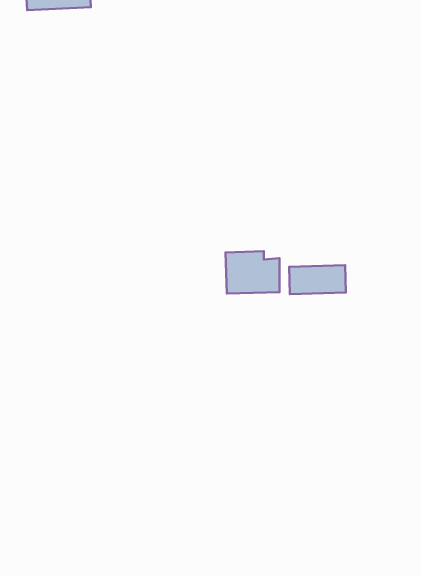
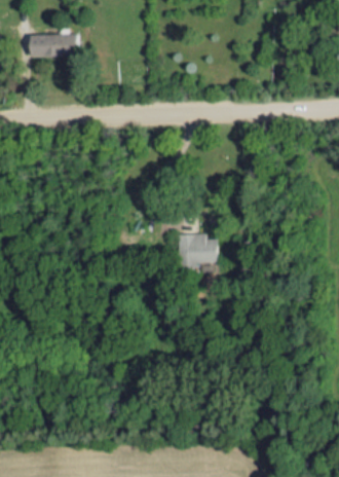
building: [289,265,346,294] -> none

